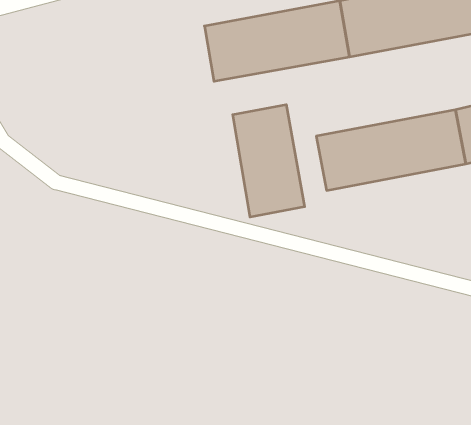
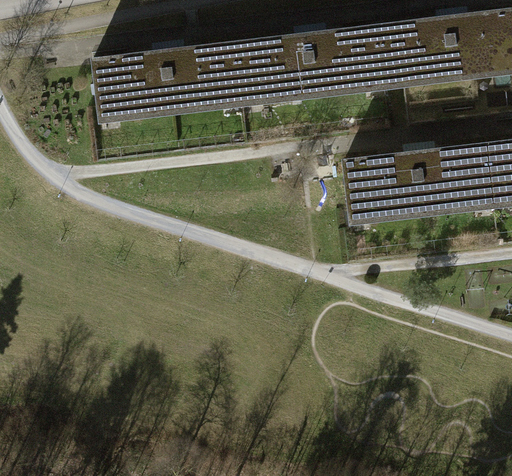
building: none -> [95,45,243,119]
building: [233,105,305,217] -> none

